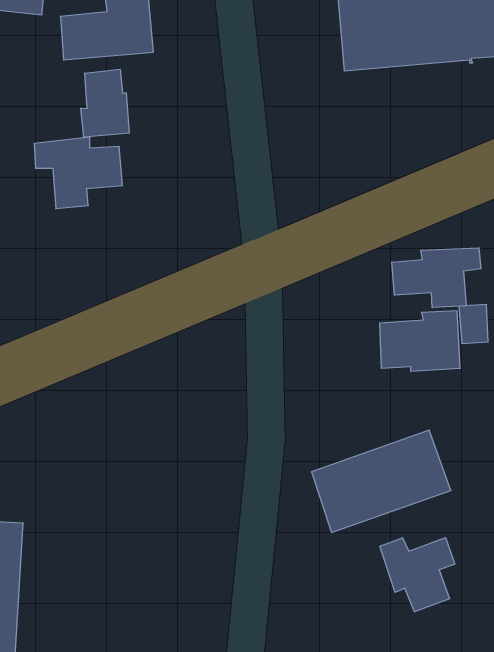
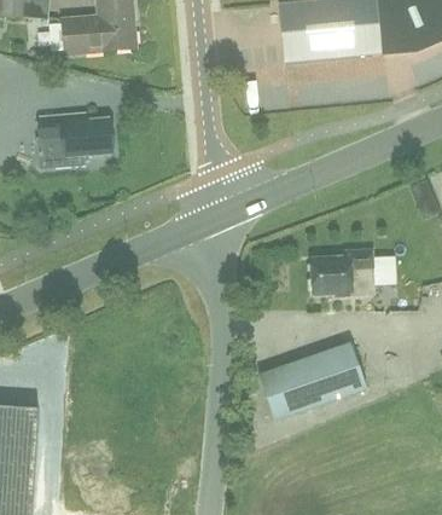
building: [81,69,129,137] -> none
building: [392,248,481,308] -> none
building: [380,538,455,612] -> none

